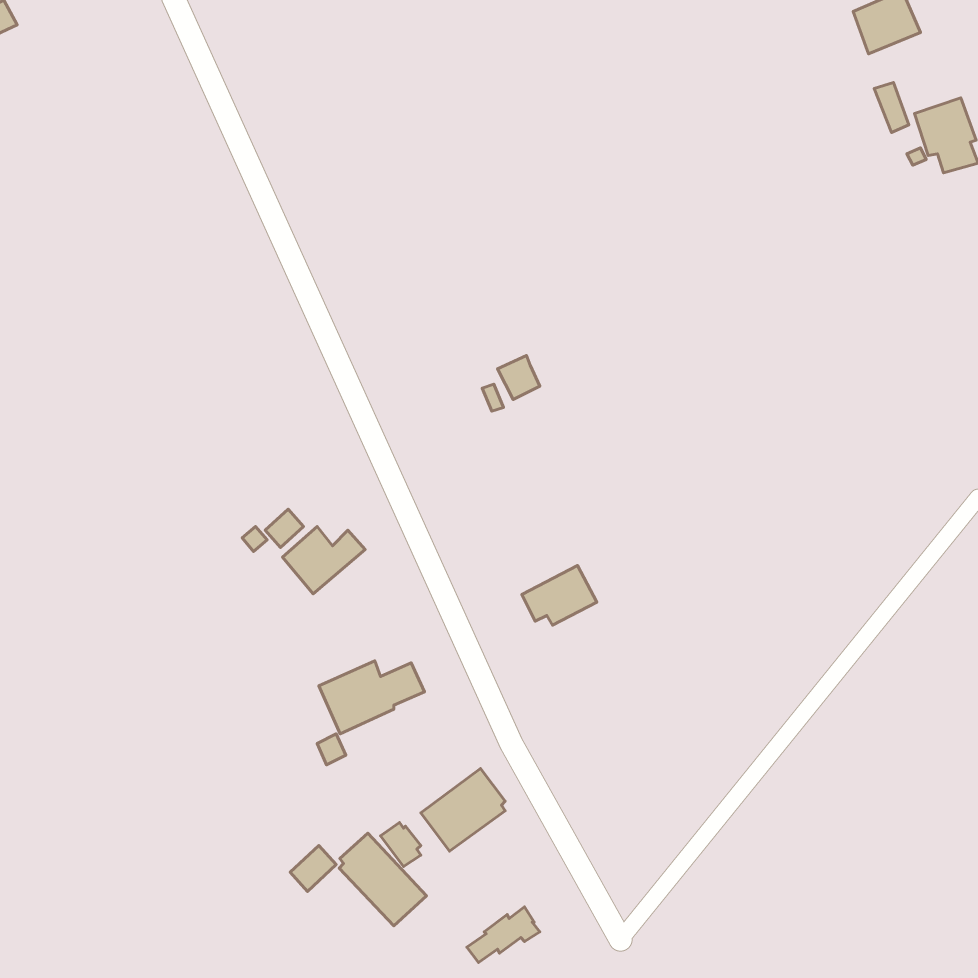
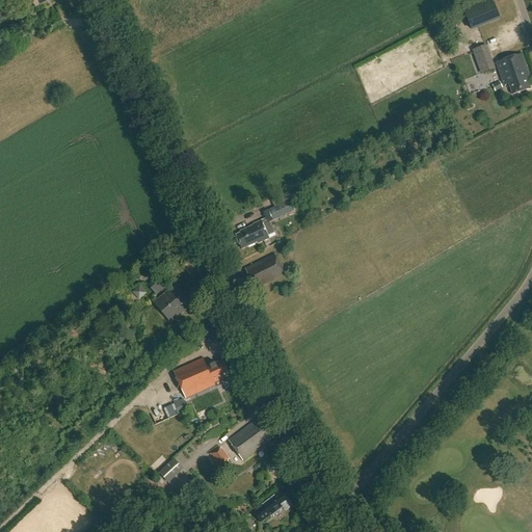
building: none -> [234,219,267,246]
building: [522,566,597,625] -> [243,252,284,285]
building: [339,833,426,926] -> none

